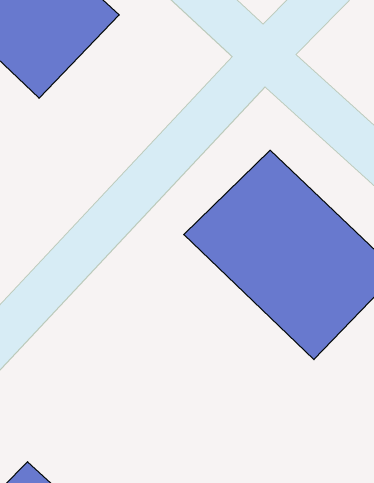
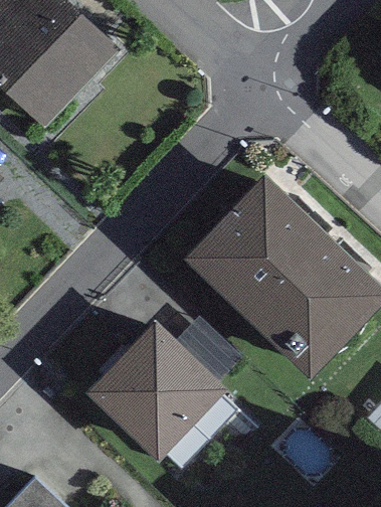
building: none -> [87,320,227,460]

